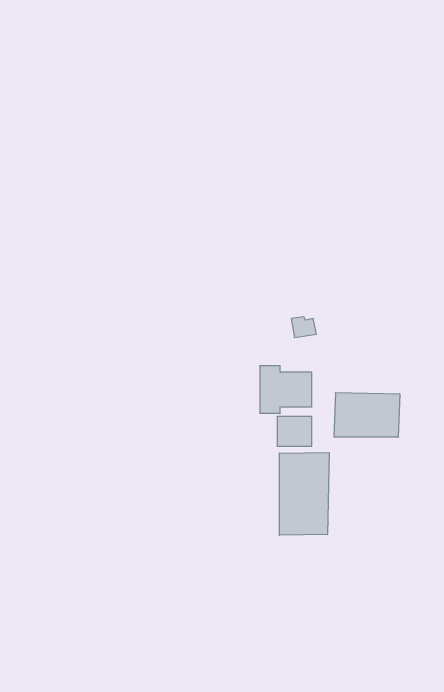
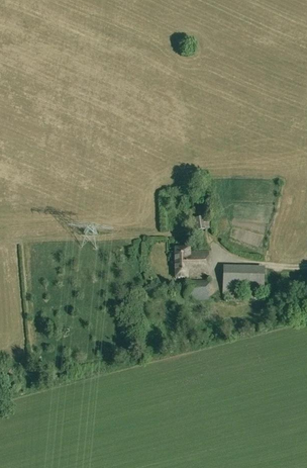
building: [279,453,329,535] -> none

